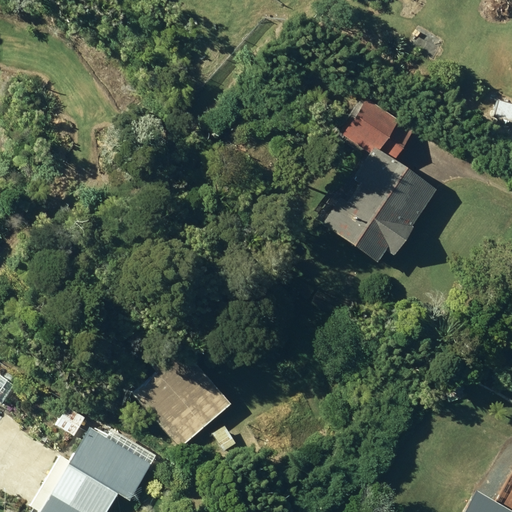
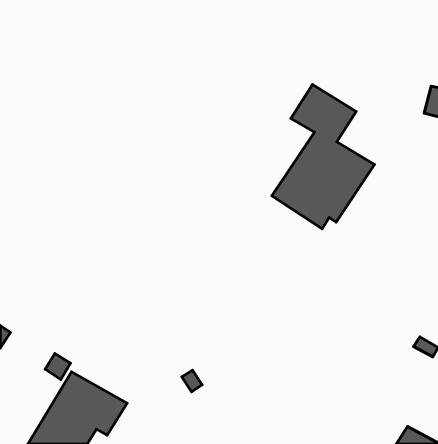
building: [135,352,231,448] -> none

